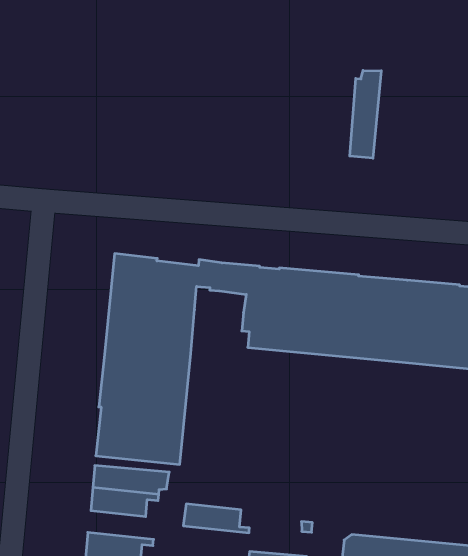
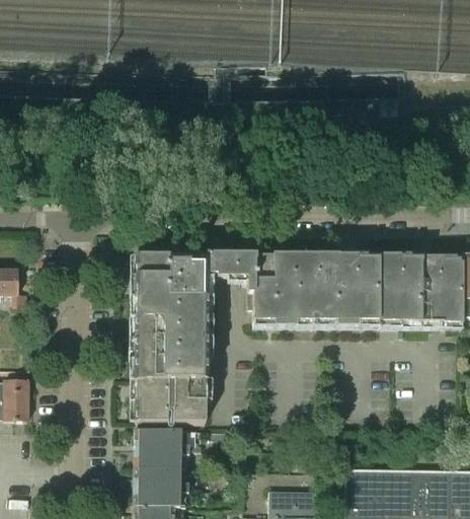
building: [350,70,381,158] -> none
building: [183,504,249,533] -> [135,468,189,488]

